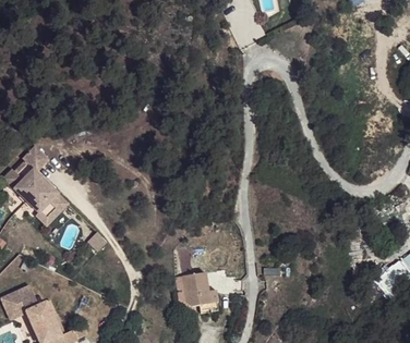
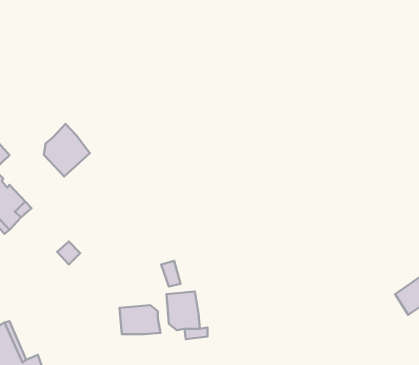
building: none -> [44,124,90,177]
building: none -> [120,305,160,334]

